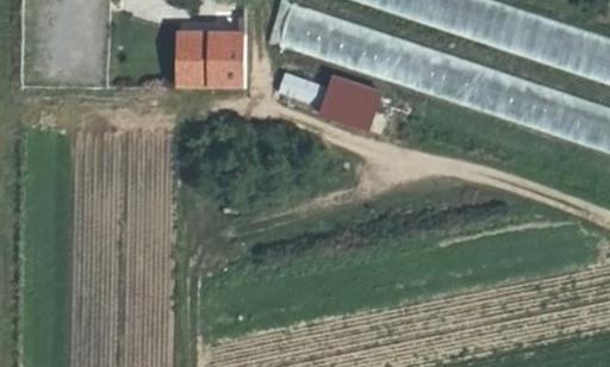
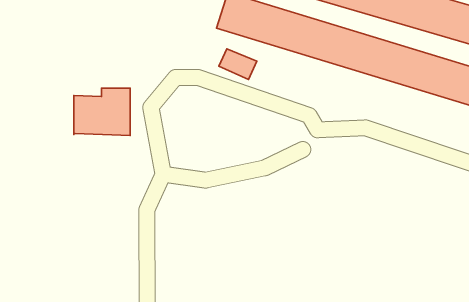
building: [179,32,244,87] -> [74,88,130,136]
building: [317,74,376,130] -> none

